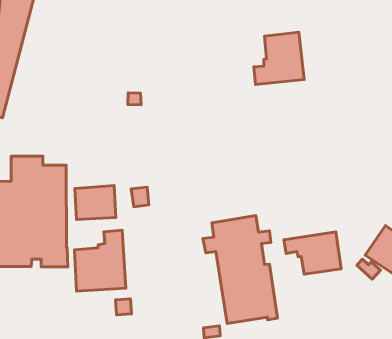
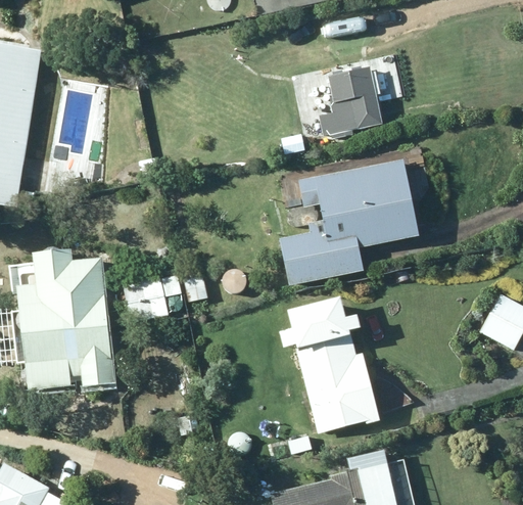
building: none -> [280,159,420,285]
building: [74,230,126,291] -> none
building: [284,232,341,274] -> none

